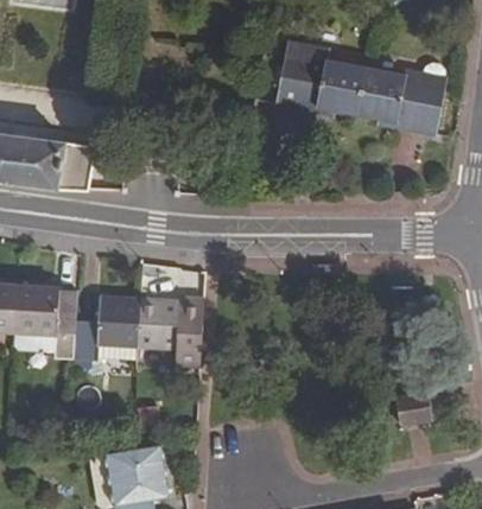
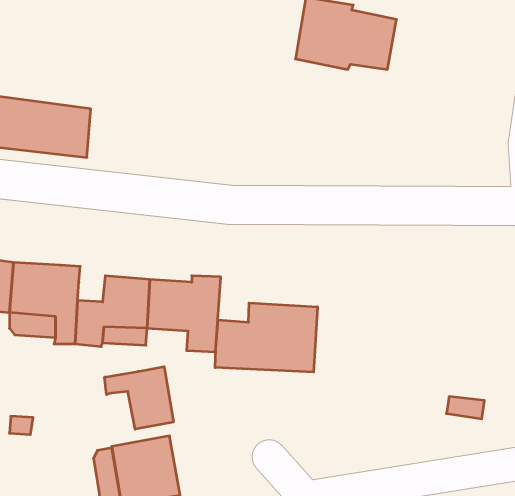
building: [357,61,452,132] -> none
building: none -> [215,303,317,372]
building: none -> [105,367,173,429]

